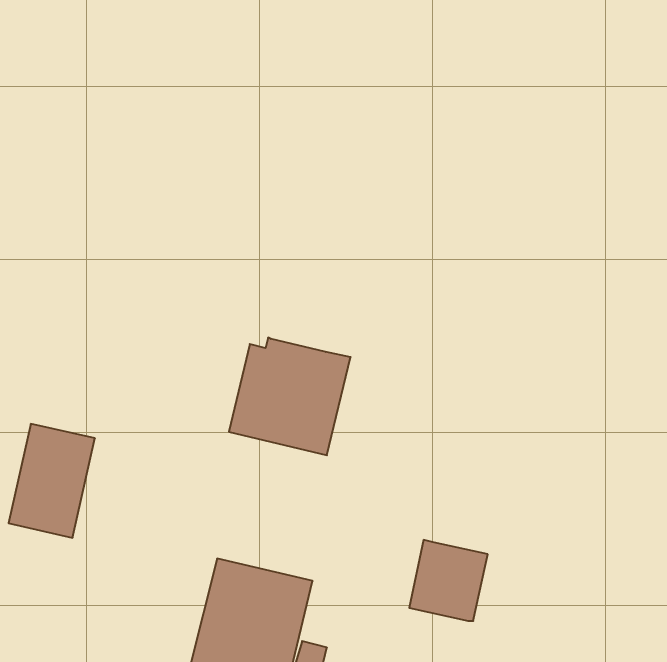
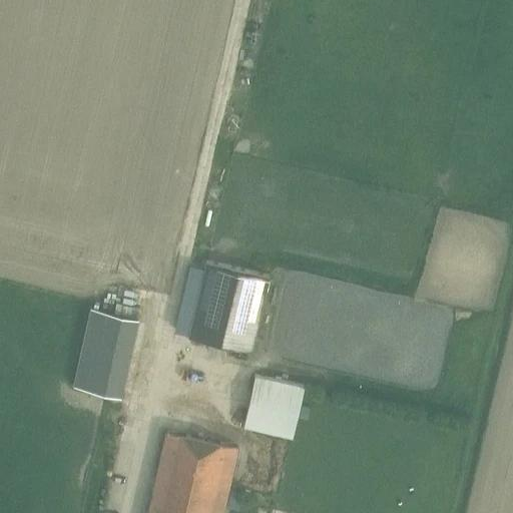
building: [9,424,95,538] -> [72,314,138,401]
building: [409,540,488,621] -> [244,377,305,439]

